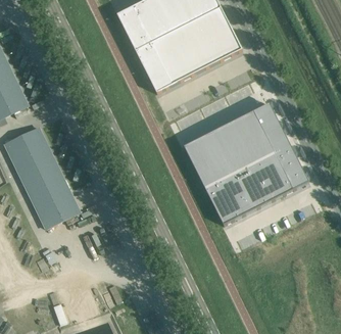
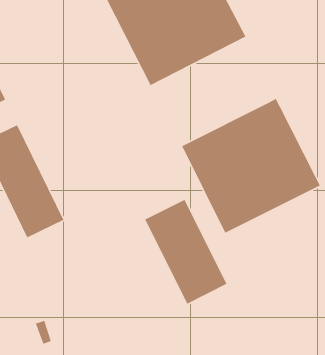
building: none -> [144,199,228,305]

